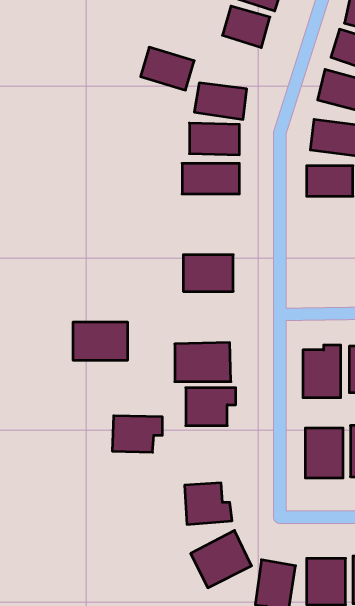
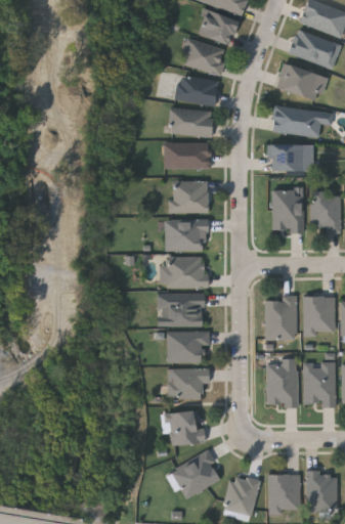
building: [141,47,194,90] -> [182,39,227,75]
building: none -> [170,180,209,212]
building: none -> [272,190,304,232]
building: [73,322,128,360] -> [161,256,207,288]
building: [112,416,162,452] -> [168,367,210,398]

